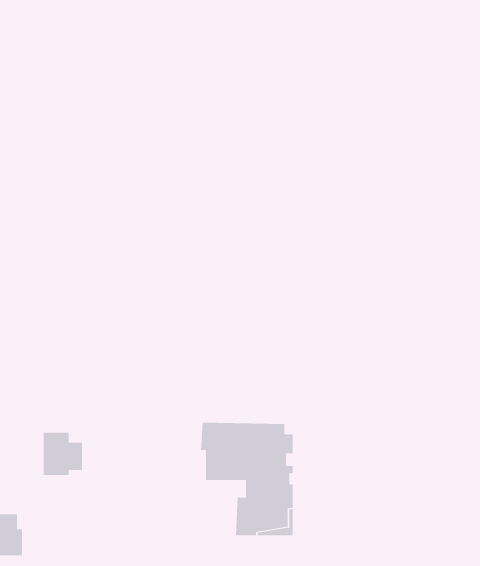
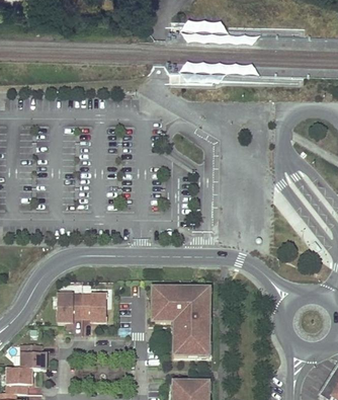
building: none -> [81,294,106,320]

